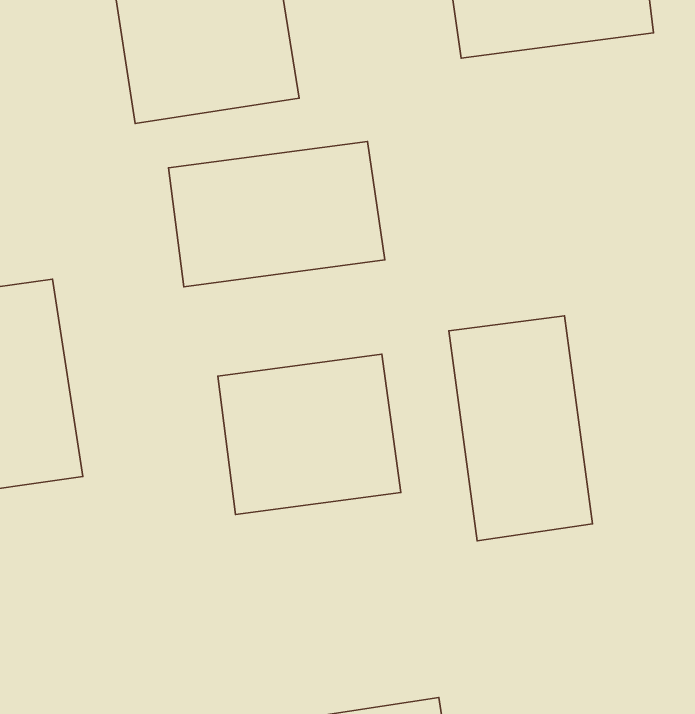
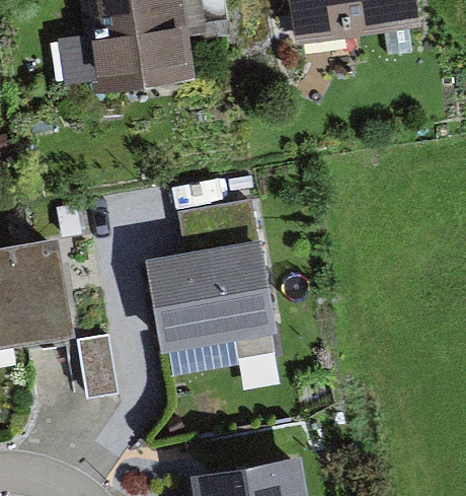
building: [168,141,385,287] -> none
building: [449,316,592,541] -> none

